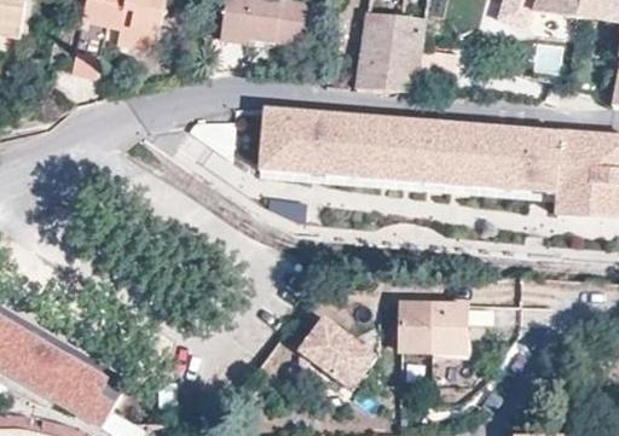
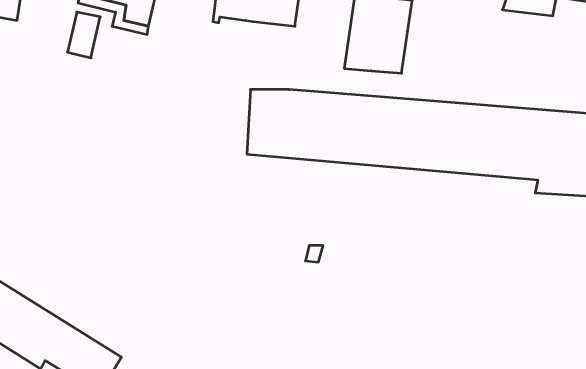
building: [399,302,464,353] -> none
building: [297,318,376,390] -> none

